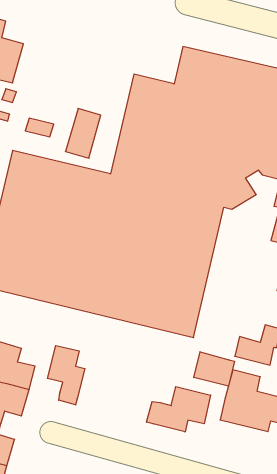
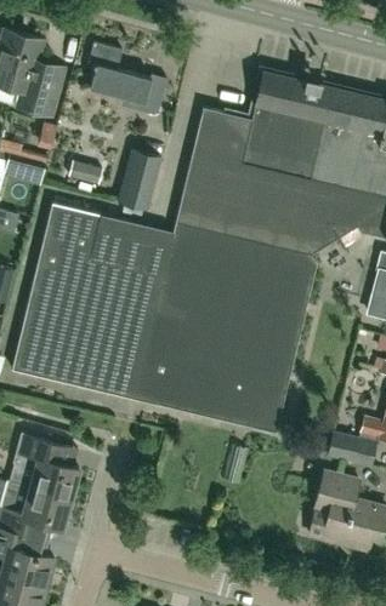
building: none -> [87,42,166,115]
building: [47,346,85,405] -> none
building: [194,352,234,386] -> none
building: [147,387,211,432] -> none

